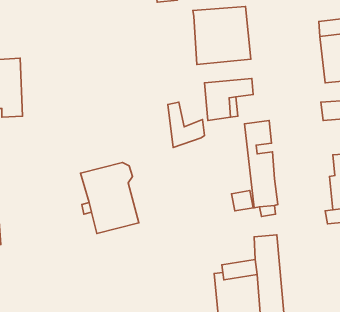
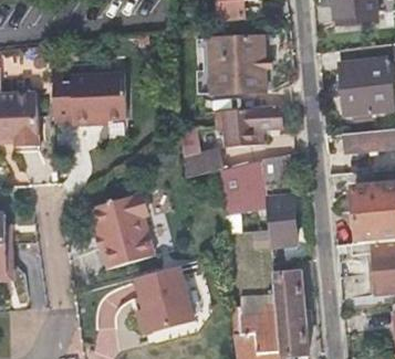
building: none -> [49,73,124,126]
building: none -> [219,156,267,219]
building: none -> [134,263,199,330]

